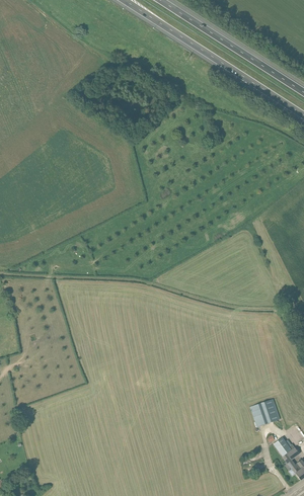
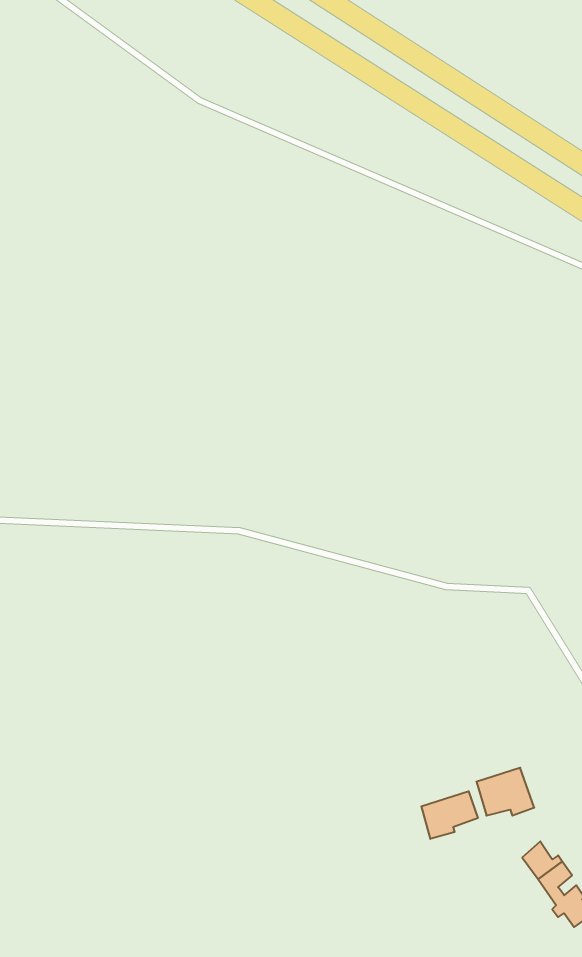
building: none -> [421,791,478,839]

